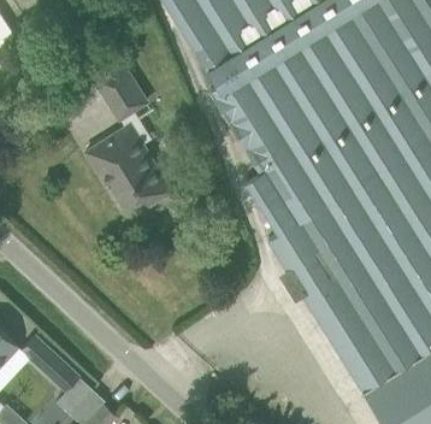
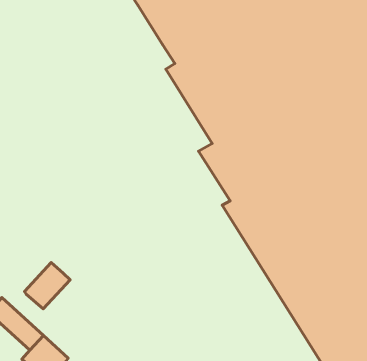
building: [85,65,171,207] -> none
building: none -> [24,262,70,309]

